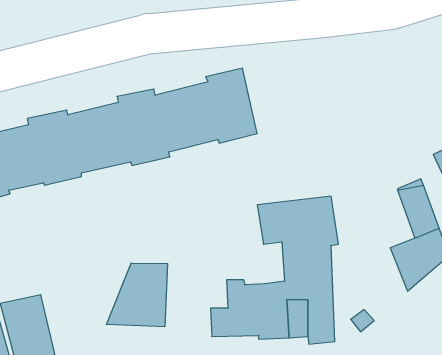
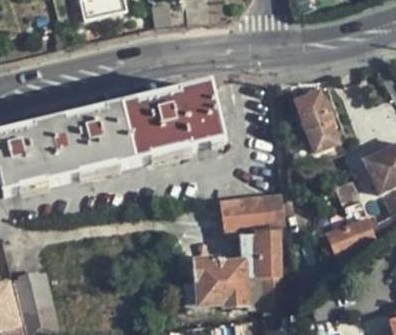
building: none -> [295,94,335,151]
building: [107,263,167,327] -> none

